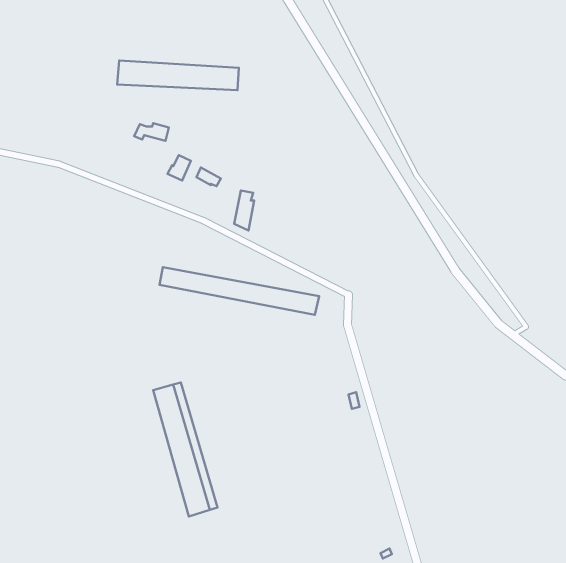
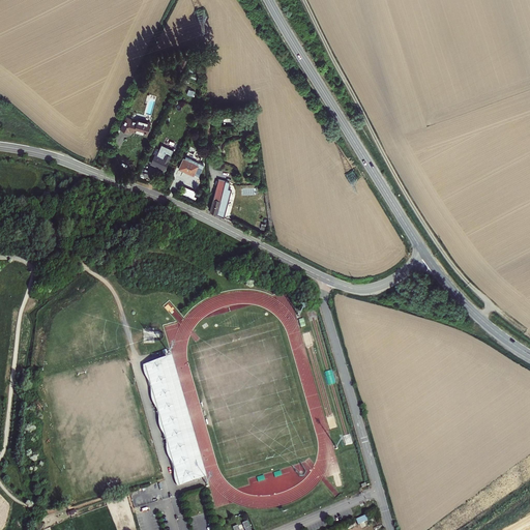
building: [117,60,239,90] -> none
building: [160,267,319,315] -> none

